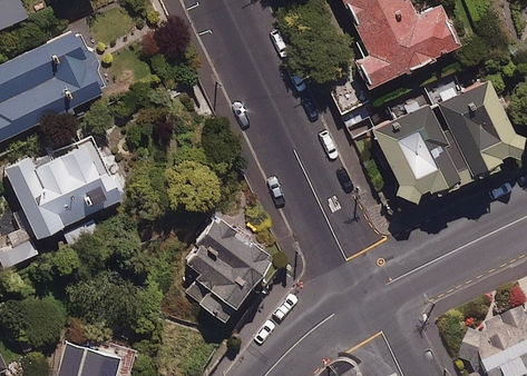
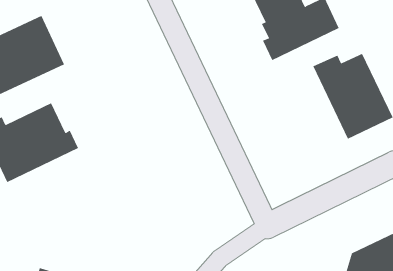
building: [369,93,467,214] -> none
building: [185,218,271,323] -> none

